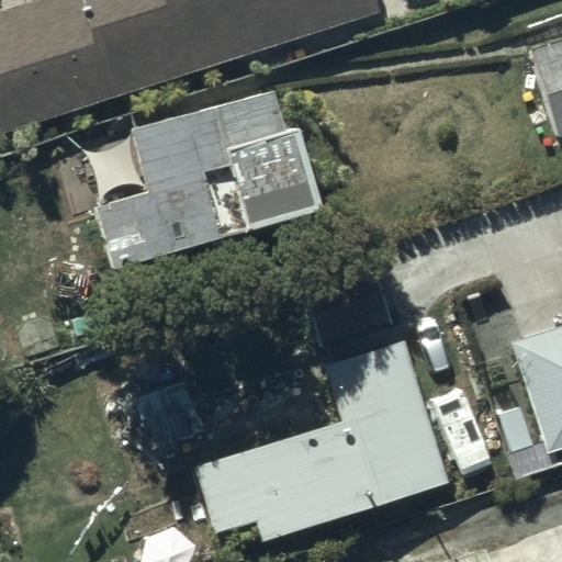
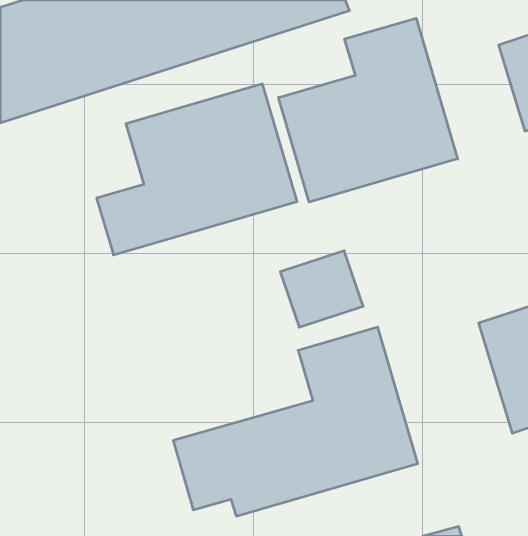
building: none -> [279,18,458,202]

